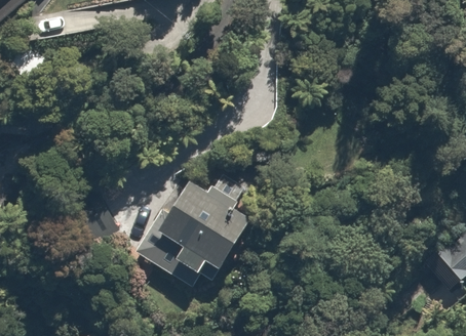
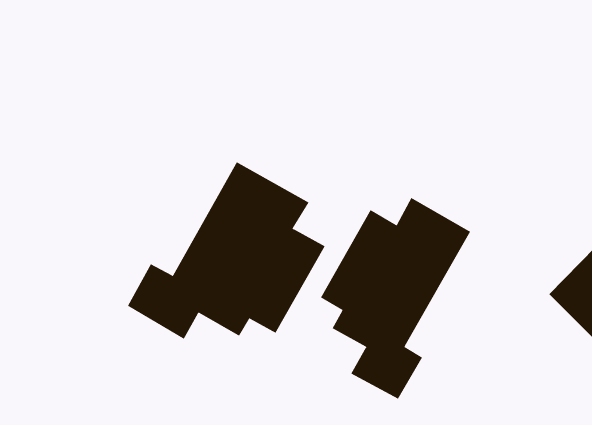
building: none -> [320,197,471,399]

